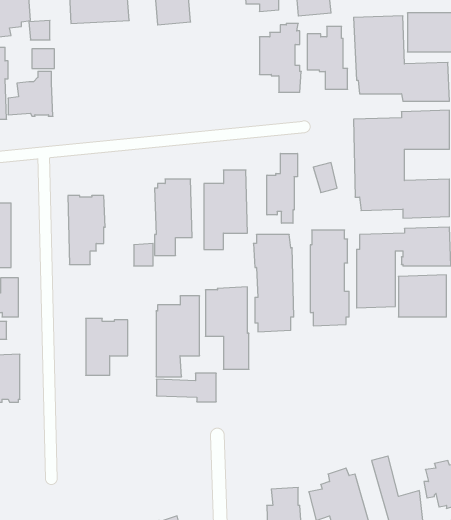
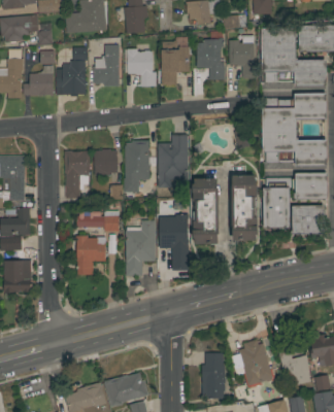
building: none -> [161,41,189,85]
building: none -> [93,45,119,87]
building: none -> [56,47,87,97]
building: none -> [123,48,156,87]
building: [267,153,297,223] -> none
building: none -> [93,149,116,176]
building: [156,373,216,402] -> [76,211,118,231]

